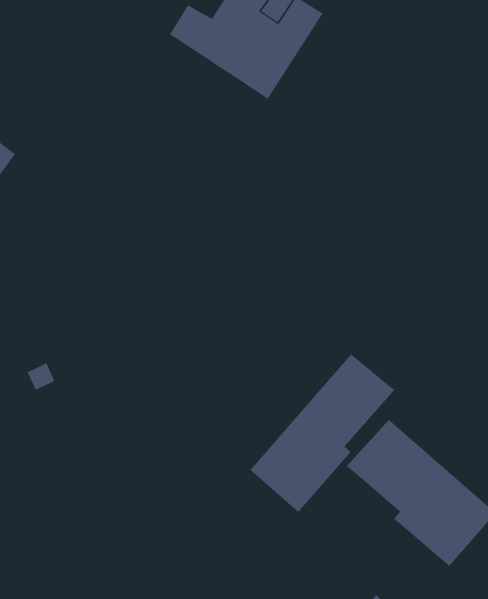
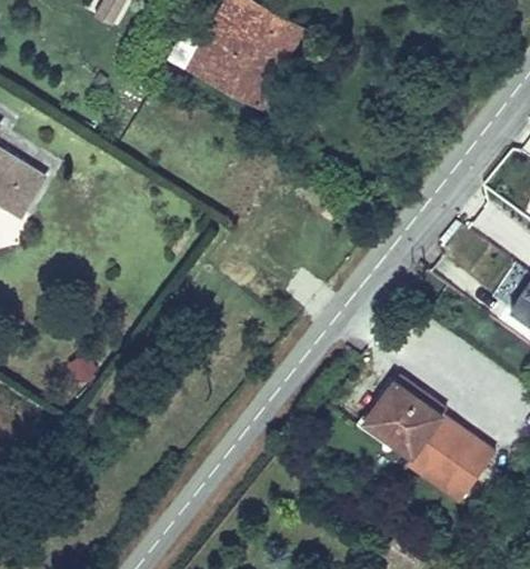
building: [249,353,395,513] -> none

